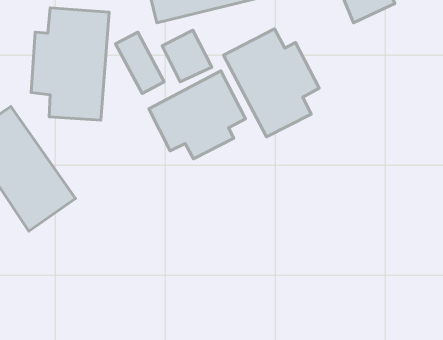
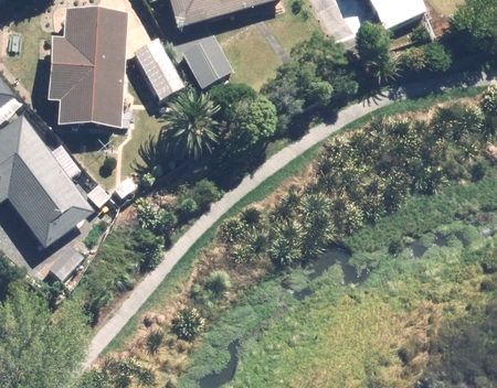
building: [224,29,319,137] -> none
building: [149,71,245,159] -> none

